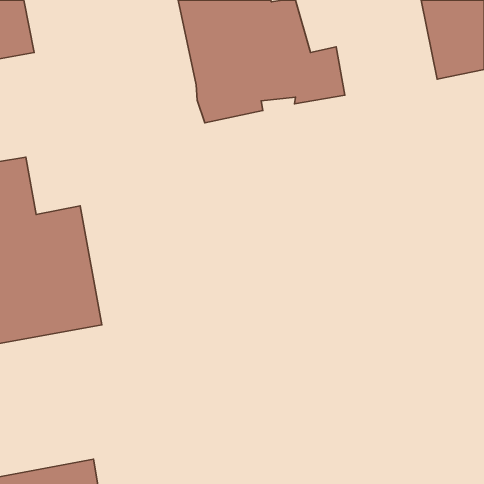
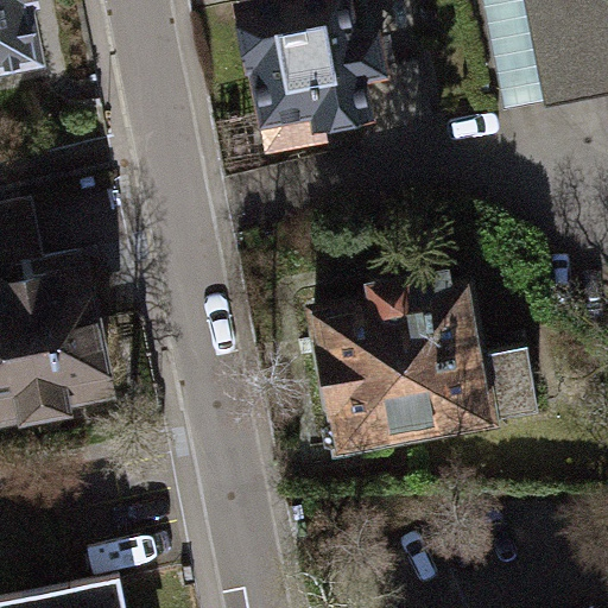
building: none -> [302,261,494,448]

